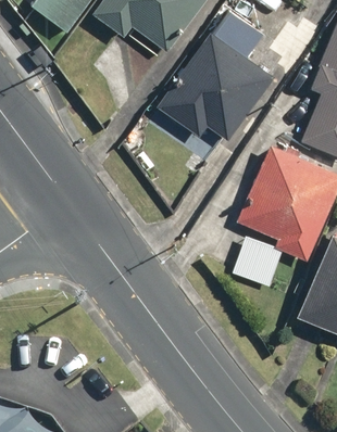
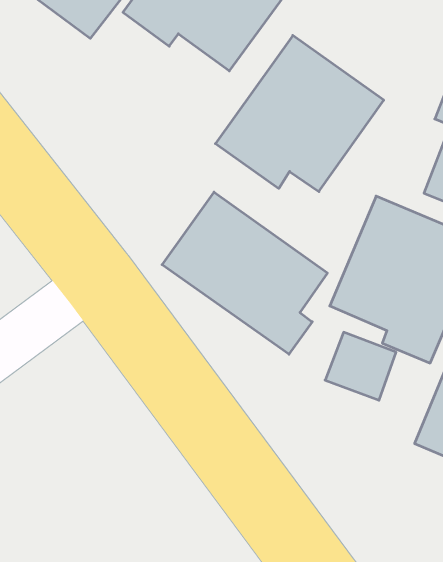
building: none -> [162,192,327,354]

